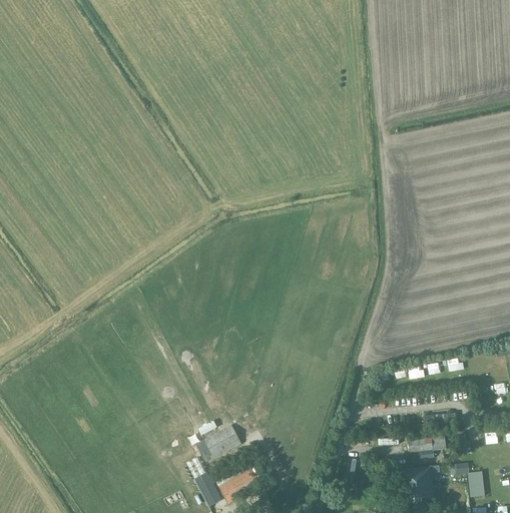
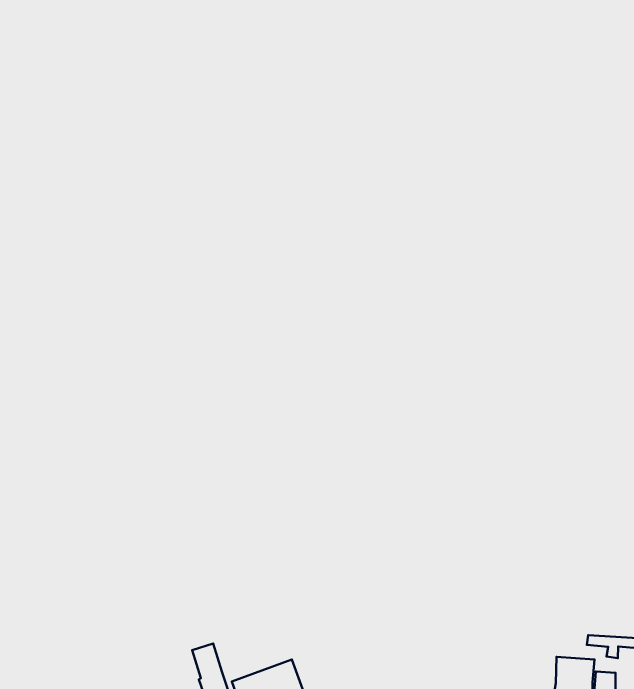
building: [197,426,242,463] -> none

